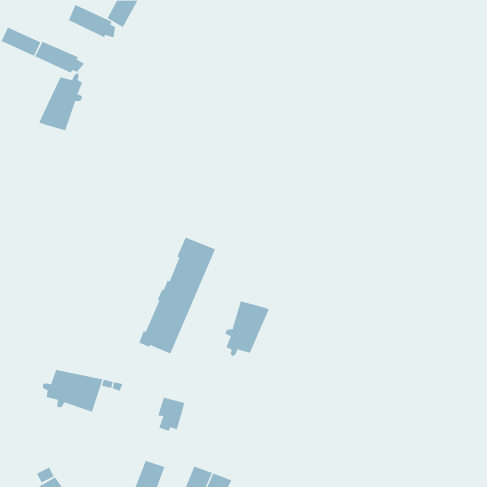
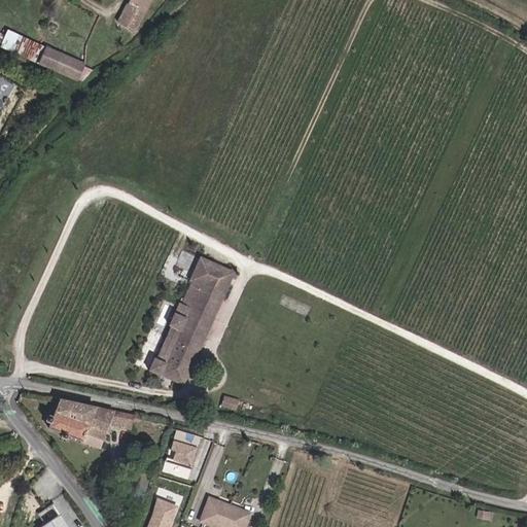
building: [68,4,115,38] -> none
building: [39,73,83,131] -> none
building: [225,301,269,357] -> none

